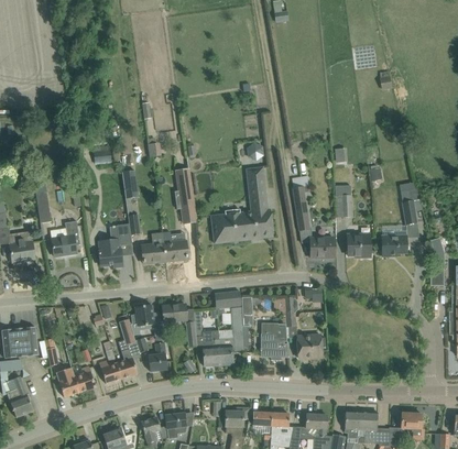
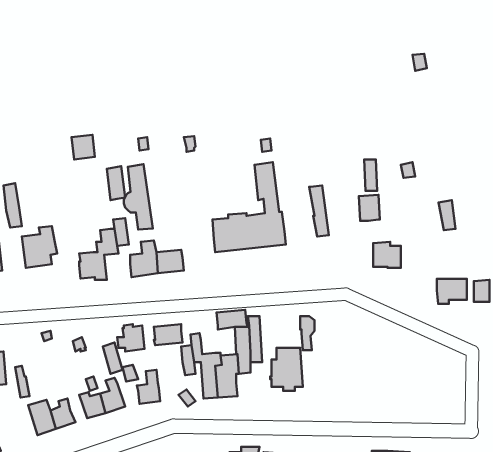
building: [172,168,196,223] -> [124,164,153,230]
building: [381,236,406,256] -> [437,279,467,304]
building: [310,238,334,258] -> none
building: [296,335,321,359] -> none

